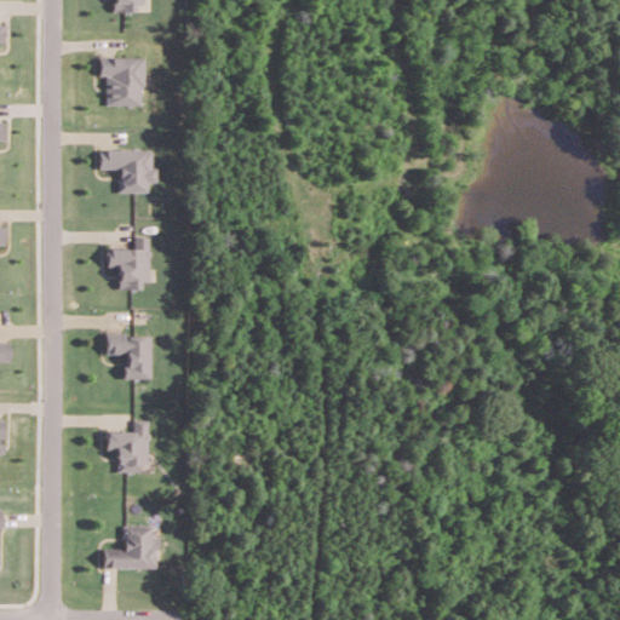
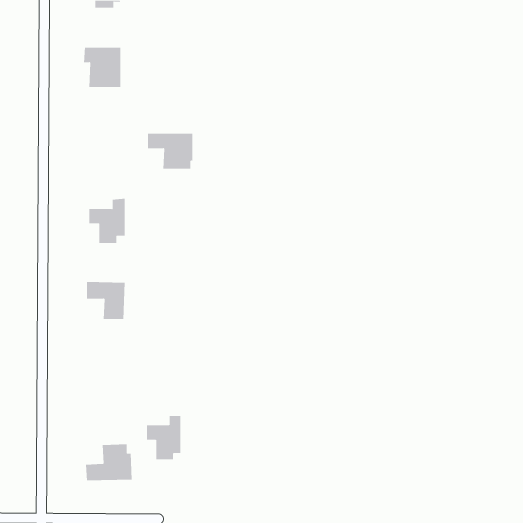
building: [101,150,155,193] -> [147,133,193,169]
building: [105,420,147,472] -> [146,416,181,460]

